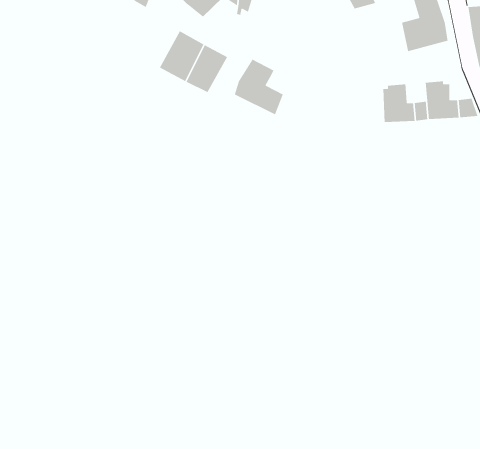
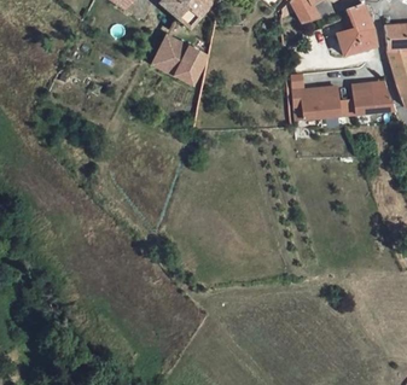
building: [234,59,284,116] -> none
building: none -> [296,81,322,112]

